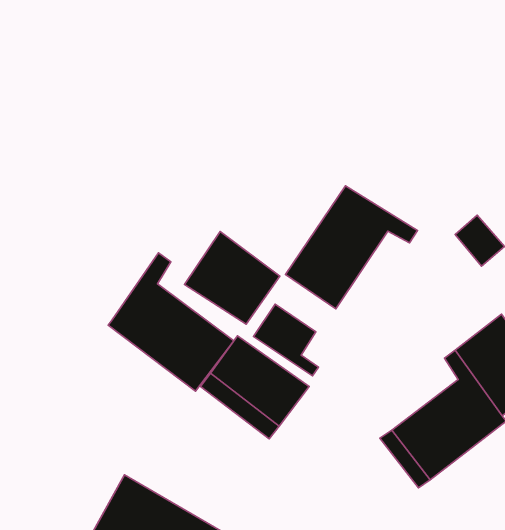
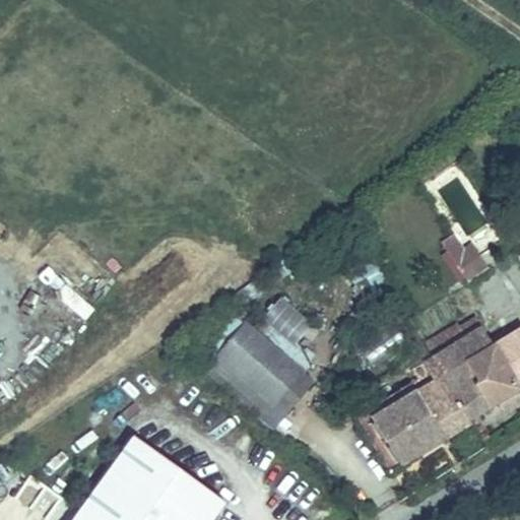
building: [286,186,418,309] -> none
building: [185,232,280,324] -> none
building: [108,253,234,391] -> none

